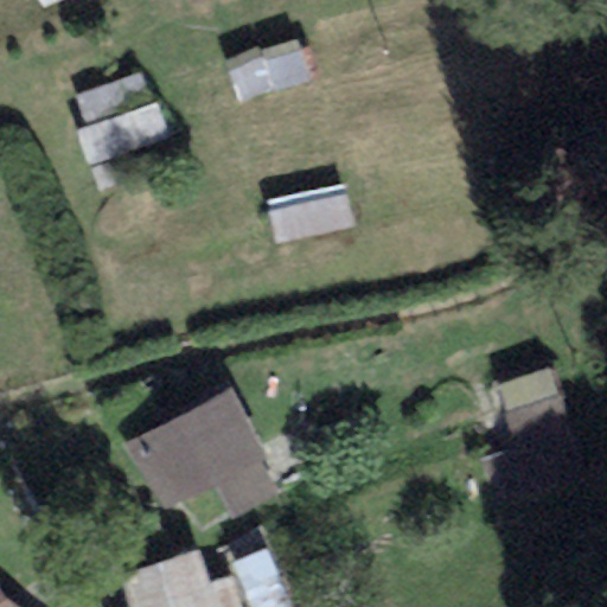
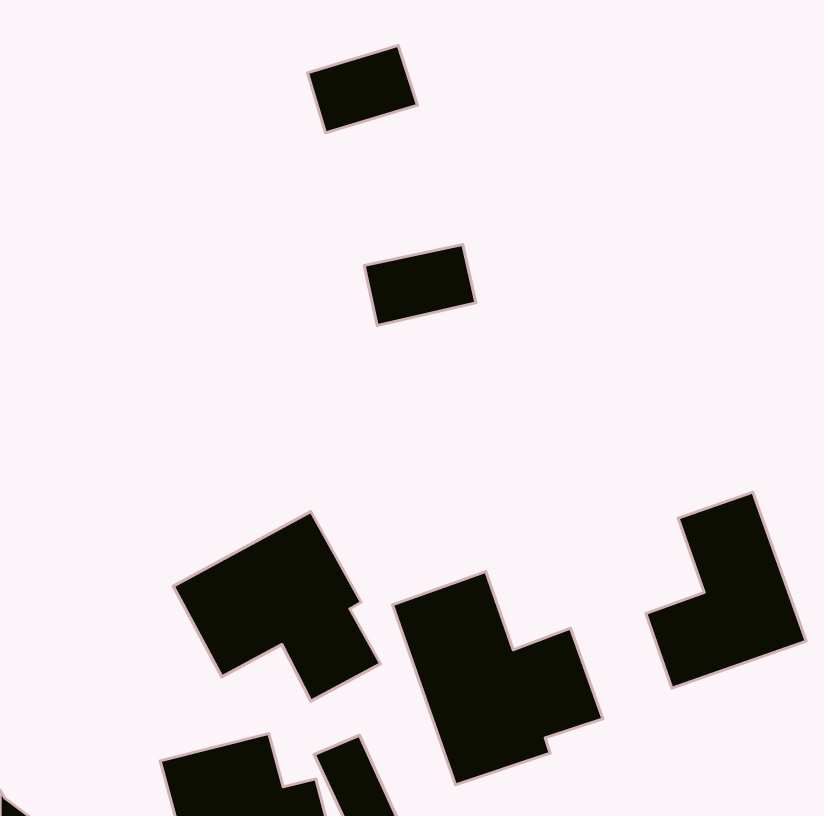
building: [74,75,170,166] -> none
building: none -> [393,572,603,785]

